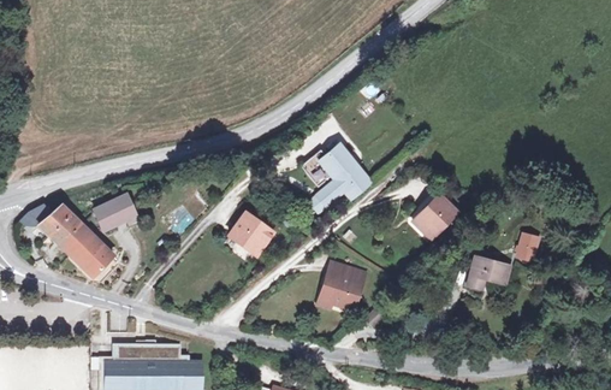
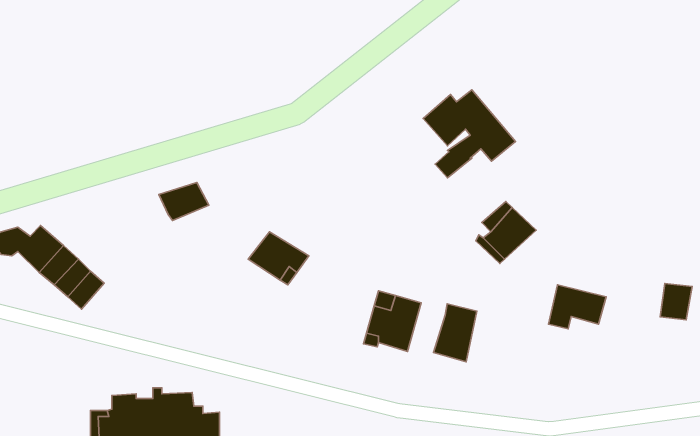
building: [299,143,373,213] -> [423,90,516,178]
building: [96,200,136,230] -> [159,183,209,220]
building: [515,234,540,262] -> [660,284,692,320]
building: none -> [433,304,477,362]

